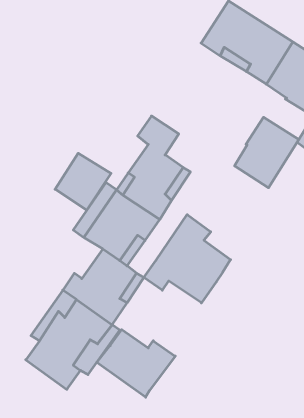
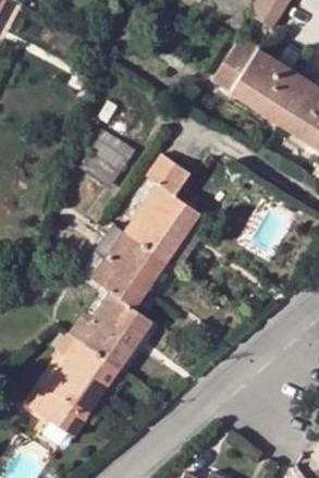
building: [235,117,299,188] -> none
building: [55,153,111,210] -> [76,127,134,186]
building: [144,215,231,303] -> none
building: [97,330,175,397] -> none

